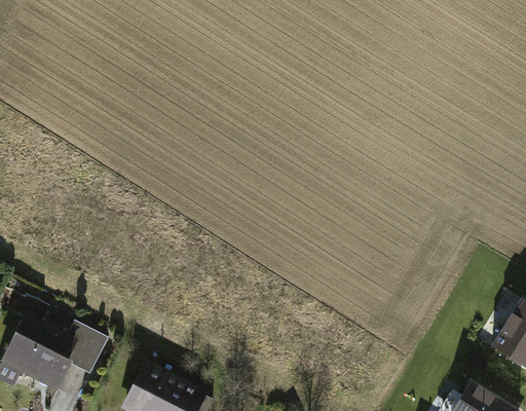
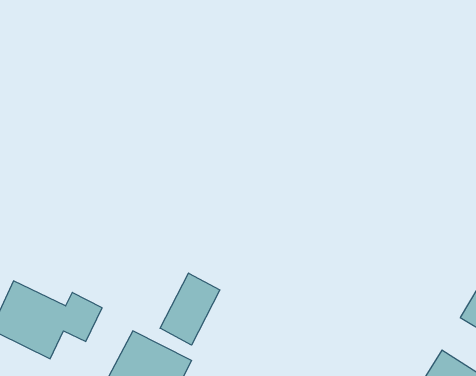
building: none -> [160,273,220,345]

